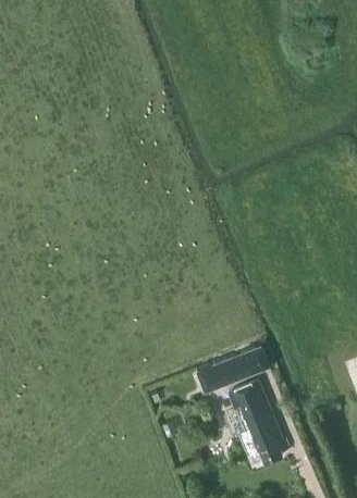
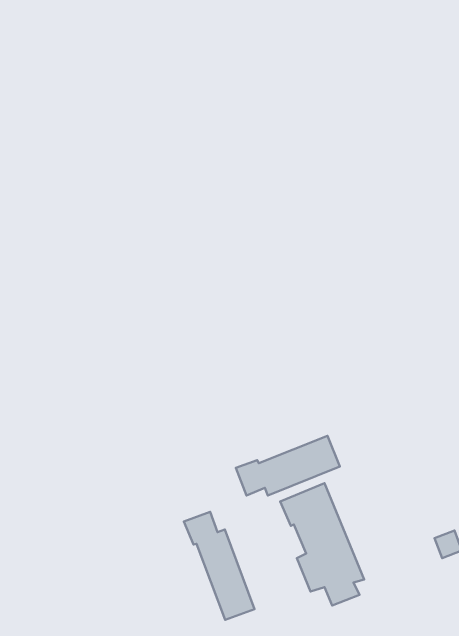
building: none -> [184,512,255,620]

